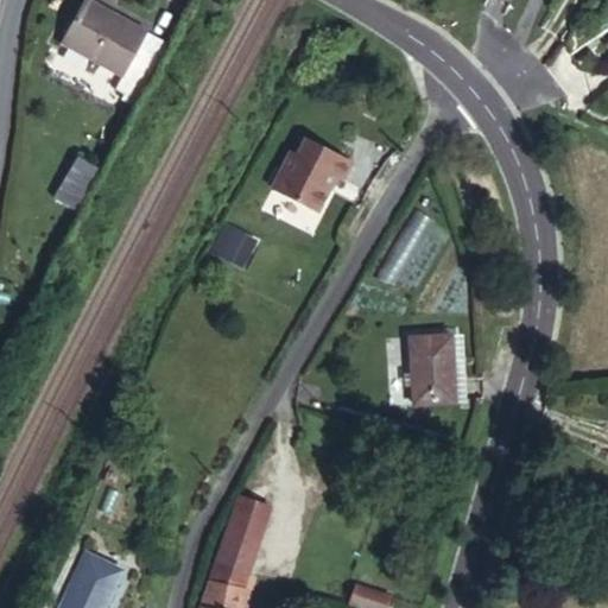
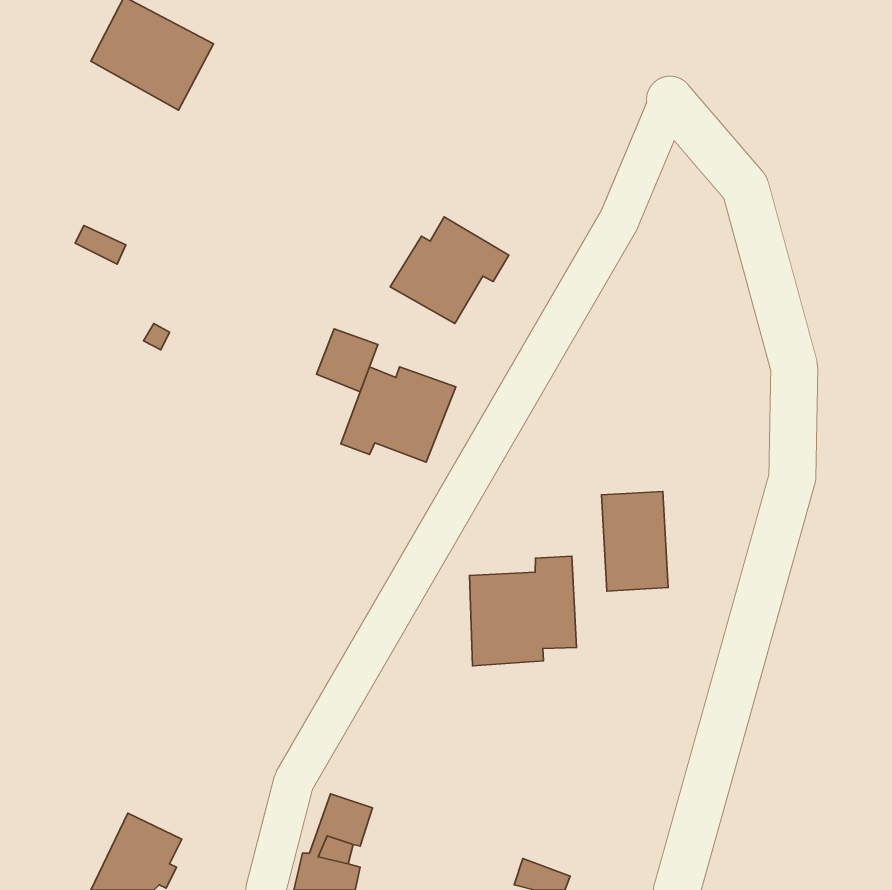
building: none -> [341,367,456,462]
building: none -> [470,556,576,666]
building: [226,495,271,549] -> none

